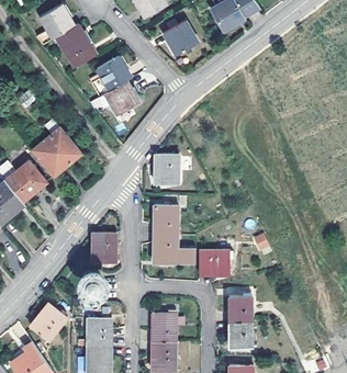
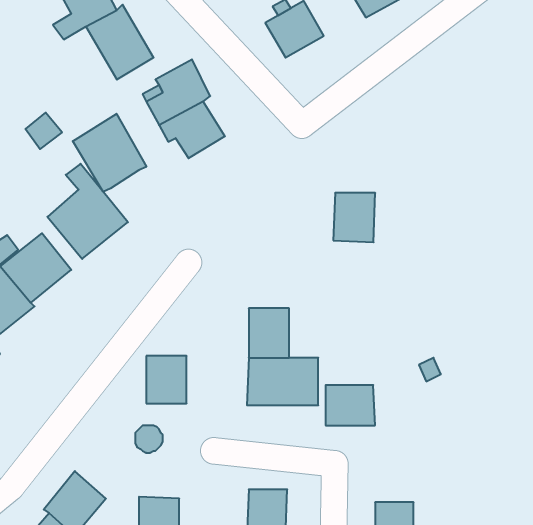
building: none -> [73,114,146,192]
building: [153,155,178,184] -> [333,193,375,242]
building: [228,296,251,321] -> none

